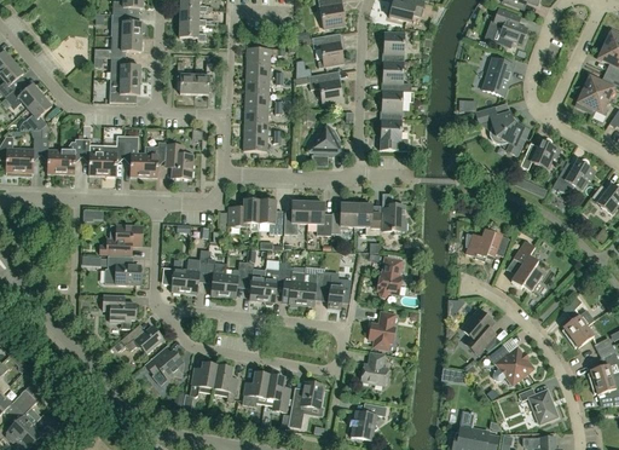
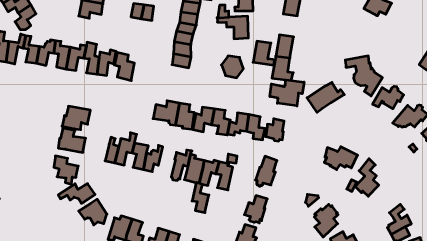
building: [482,57,514,96] -> none
building: [382,60,411,90] -> [253,41,275,65]
building: none -> [307,82,344,112]
building: none -> [270,80,304,106]
building: [243,261,265,300] -> [192,183,209,213]

